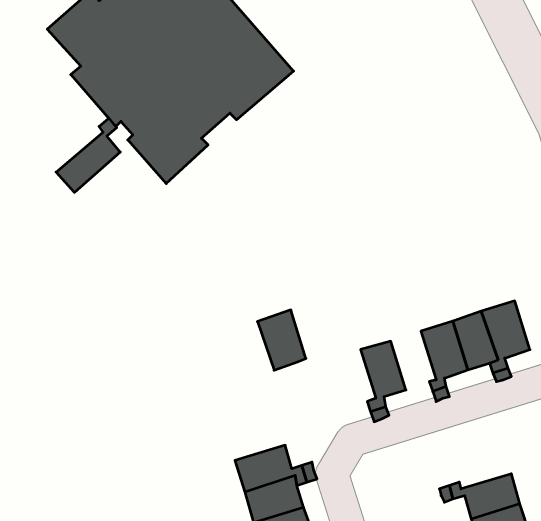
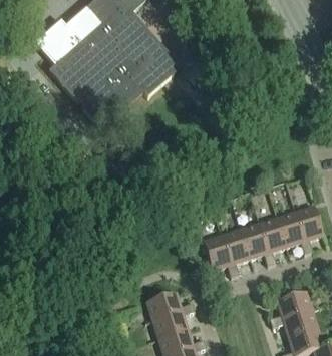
building: [56,118,120,192] -> none
building: [257,310,306,370] -> [202,234,231,270]
building: none -> [240,223,267,258]
building: none -> [276,290,312,317]

